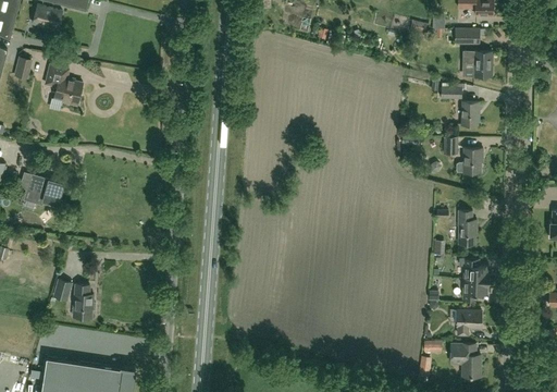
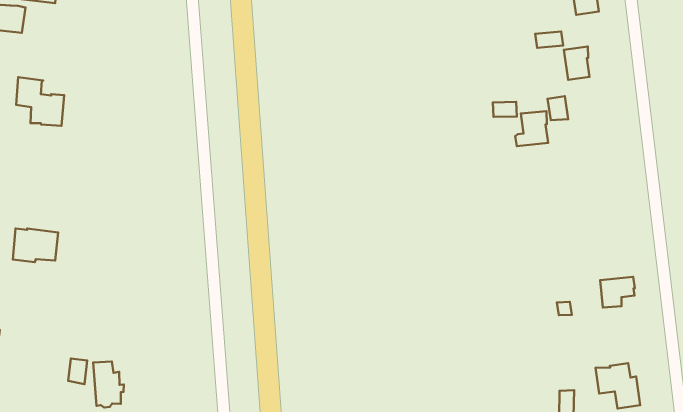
building: [457,149,483,174] -> [515,111,548,146]
building: [458,212,476,246] -> none
building: [458,259,490,281] -> none
building: [458,311,482,338] -> none

